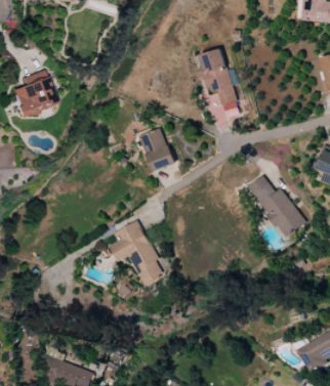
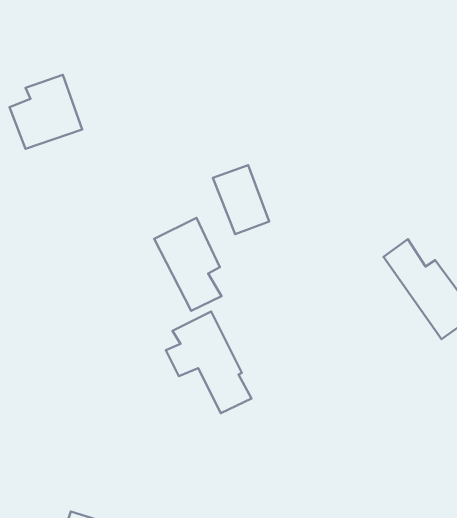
building: [198,48,239,117] -> none
building: none -> [154,218,221,311]

